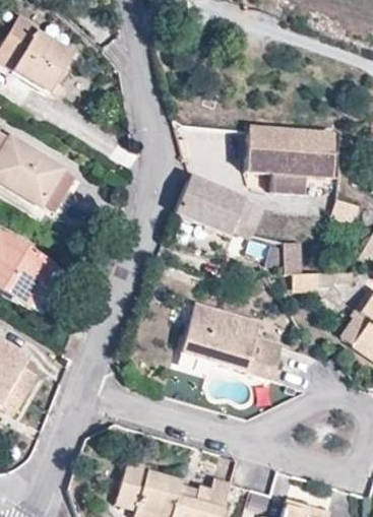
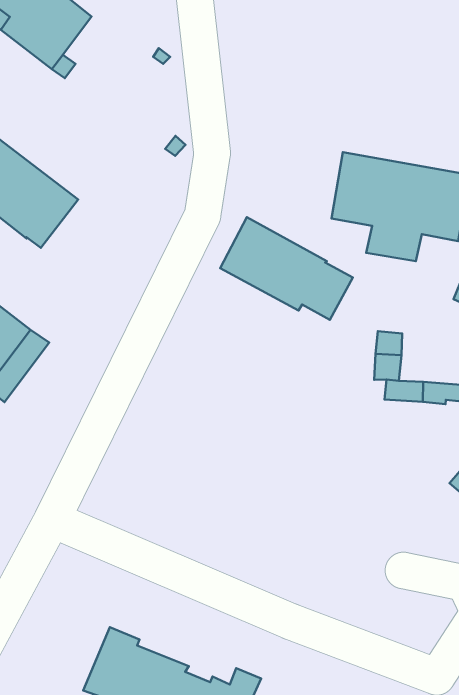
building: [181,303,284,380] -> none

